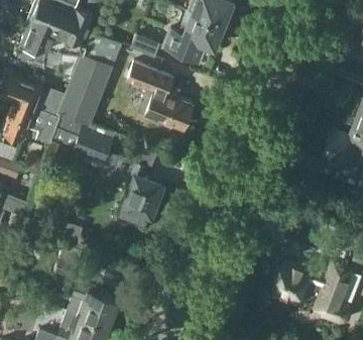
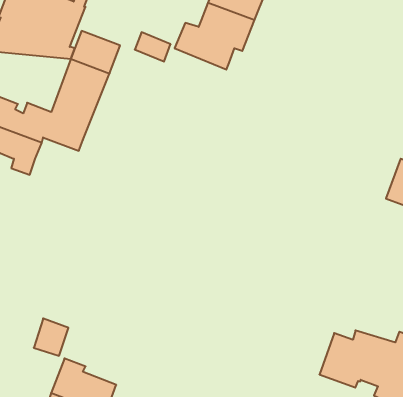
building: [126,61,197,131] -> none
building: [53,115,114,160] -> none
building: [113,158,161,226] -> none

